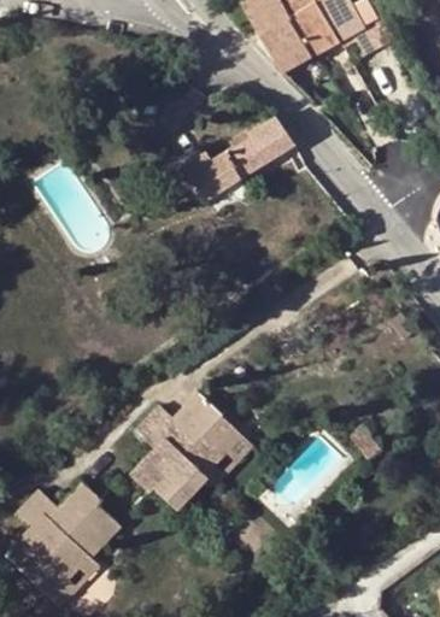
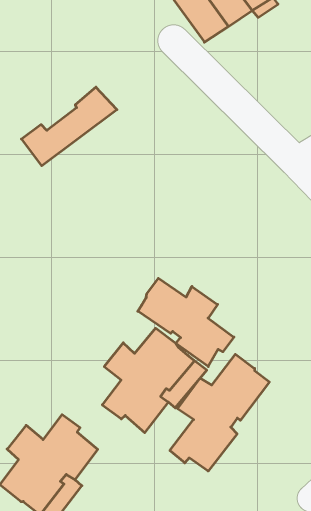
building: [182,114,294,199] -> [21,87,117,166]
building: none -> [138,278,234,367]
building: none -> [170,354,269,471]

